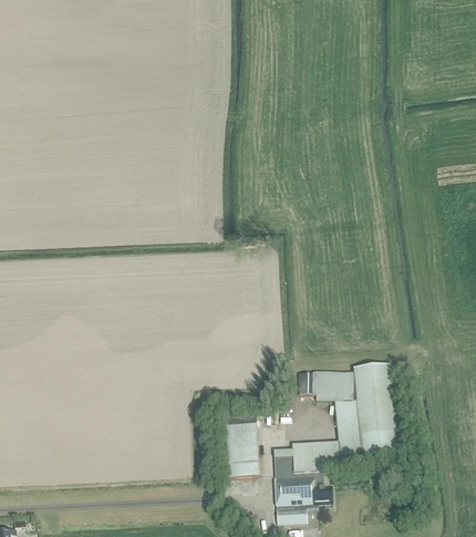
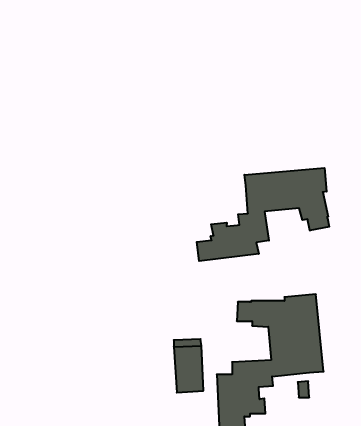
building: none -> [197,168,329,261]

